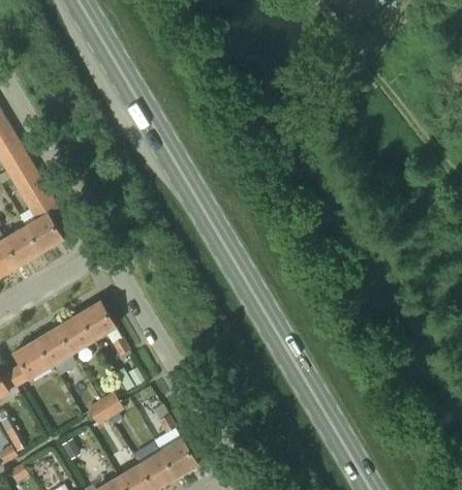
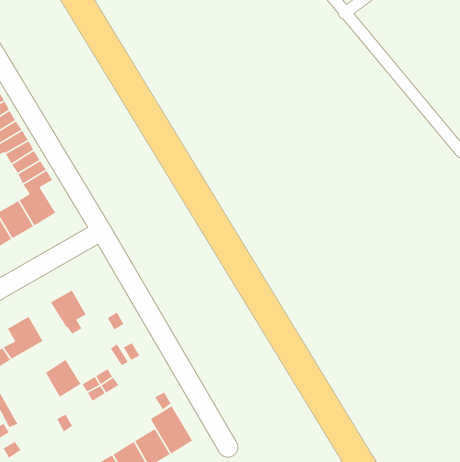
building: [78,302,115,340] -> none
building: [35,328,71,366] -> [45,359,82,398]

